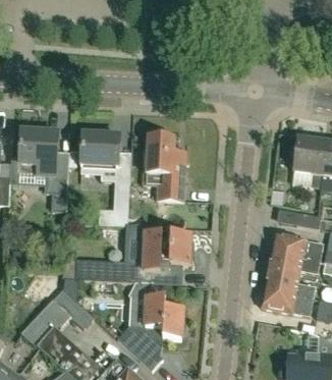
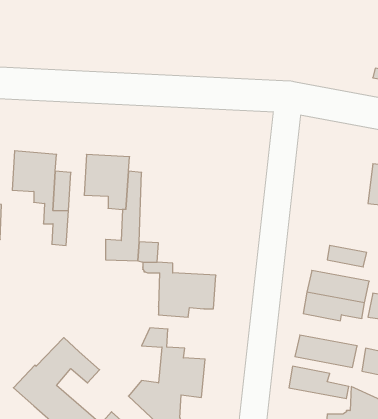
building: [143,137,185,200] -> none
building: [294,138,326,186] -> none
building: [77,260,182,283] -> none
building: [264,268,315,295] -> [289,366,349,399]

